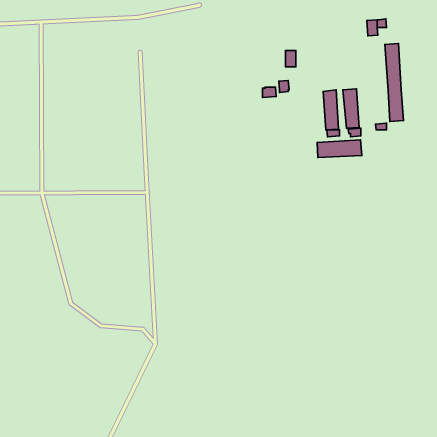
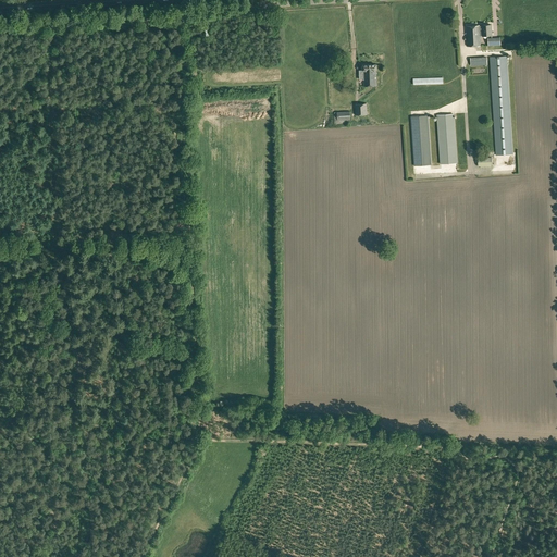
building: [317,140,362,157] -> none

